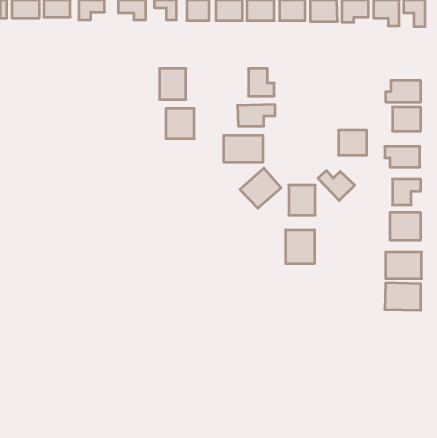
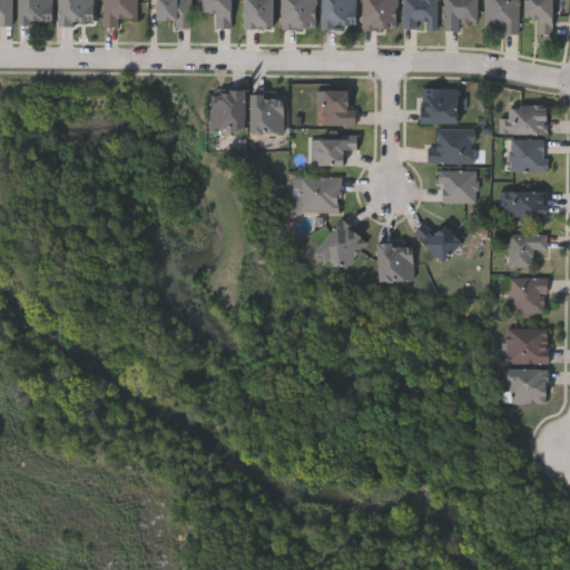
building: none -> [421,88,459,121]
building: none -> [429,128,476,163]
building: [166,109,194,139] -> [248,92,285,131]
building: [286,230,314,264] -> none

